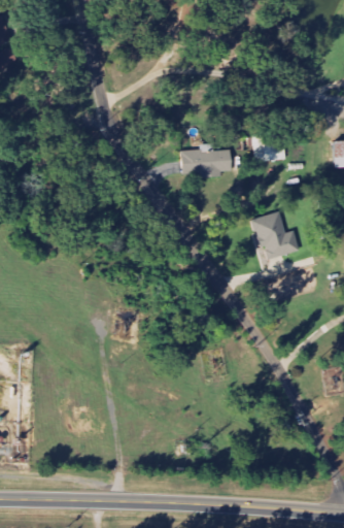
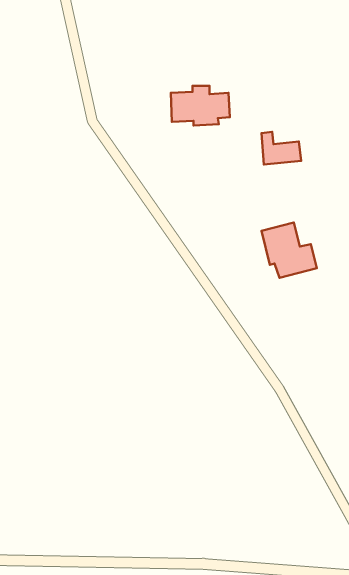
building: [180,143,231,177] -> [171,86,230,125]

